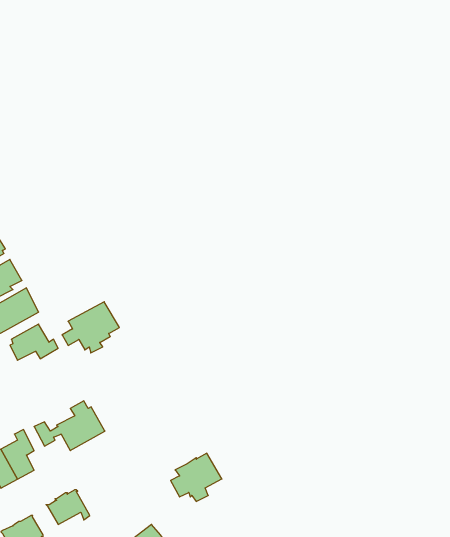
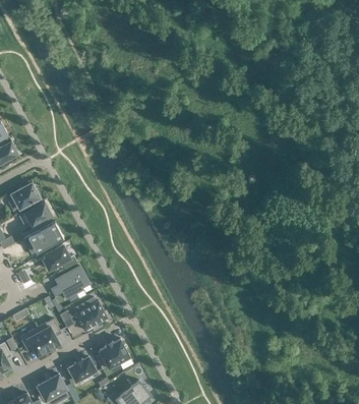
building: [62,302,119,353] -> [50,268,88,302]
building: [171,453,222,501] -> [95,340,129,372]

